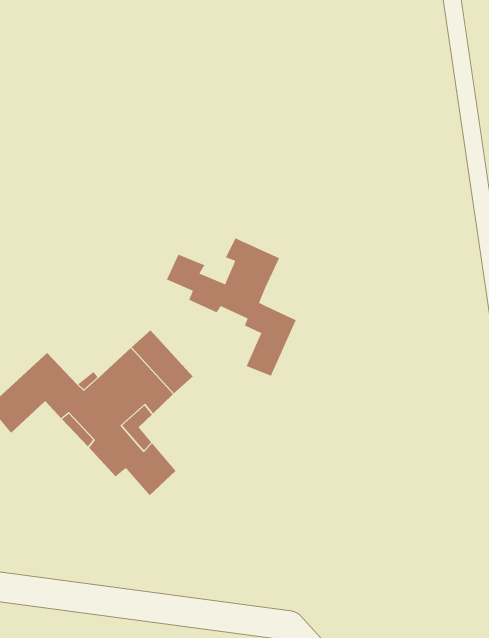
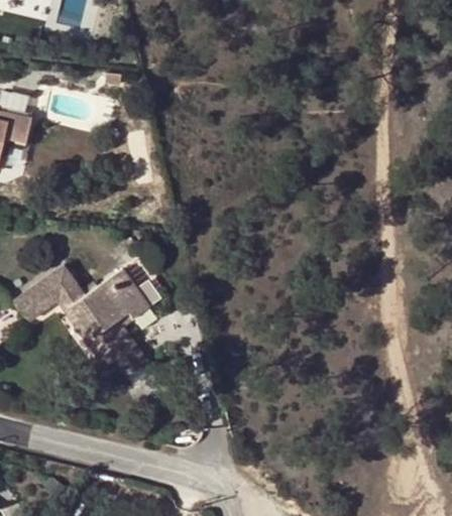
building: [166,238,297,376] -> none

